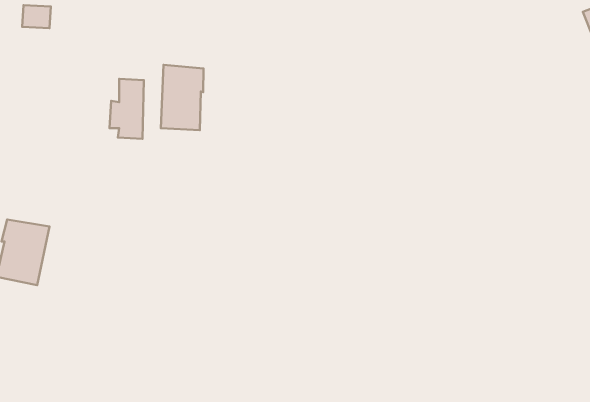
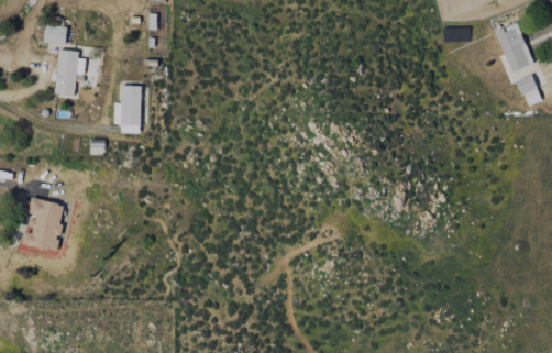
building: none -> [54,49,85,95]
building: [161,65,203,130] -> none

